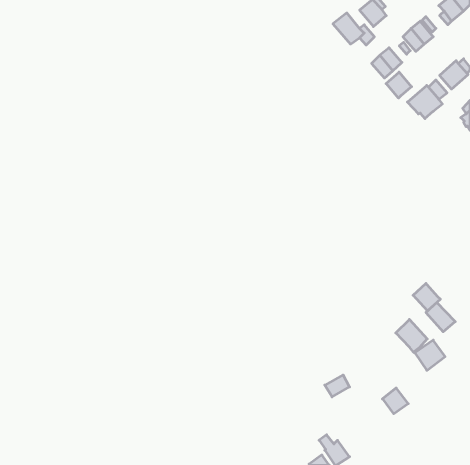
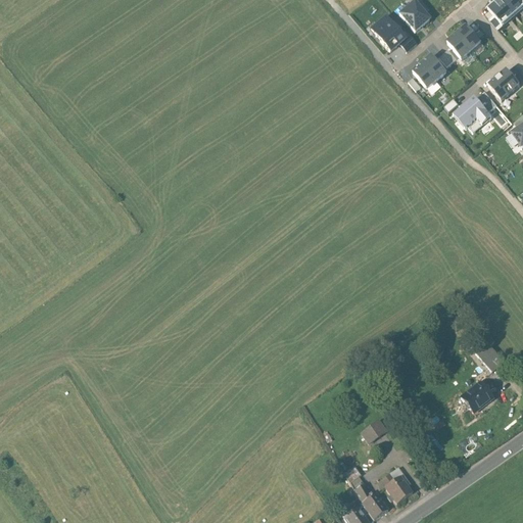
building: [386,72,412,98] -> none
building: [413,283,440,311] -> none
building: [396,319,427,352] -> none
building: [382,388,408,414] -> [385,473,414,502]

